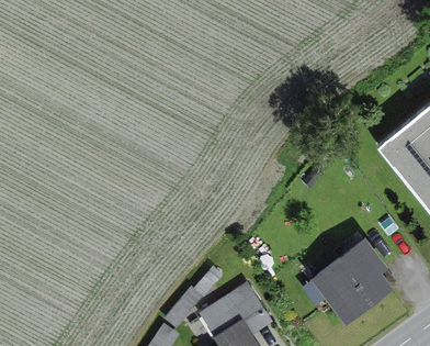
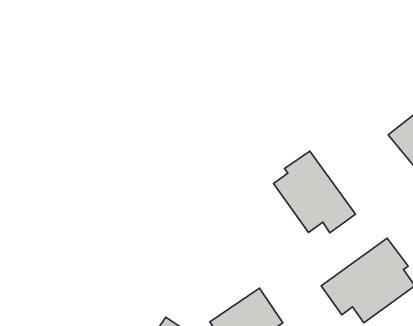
building: none -> [274,151,355,233]

